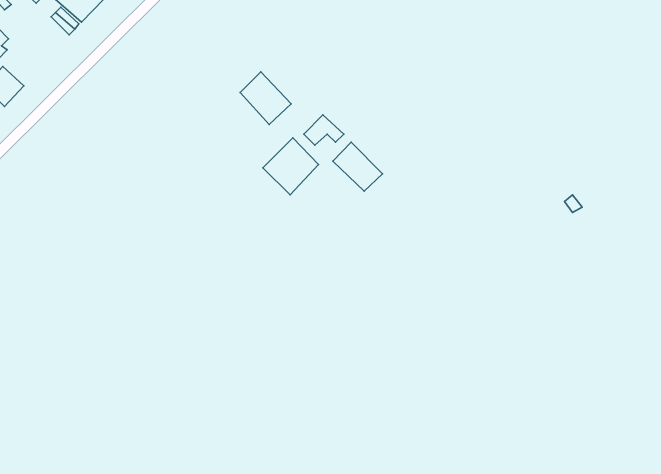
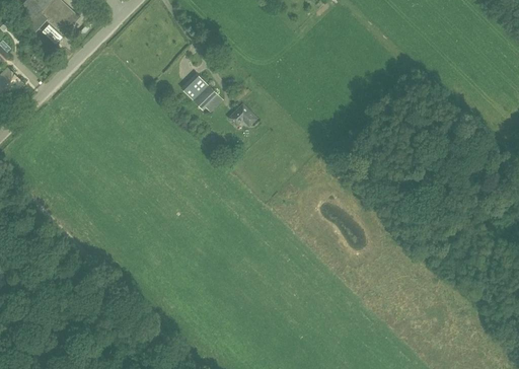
building: [263,138,318,195] -> none
building: [333,142,382,191] -> none

